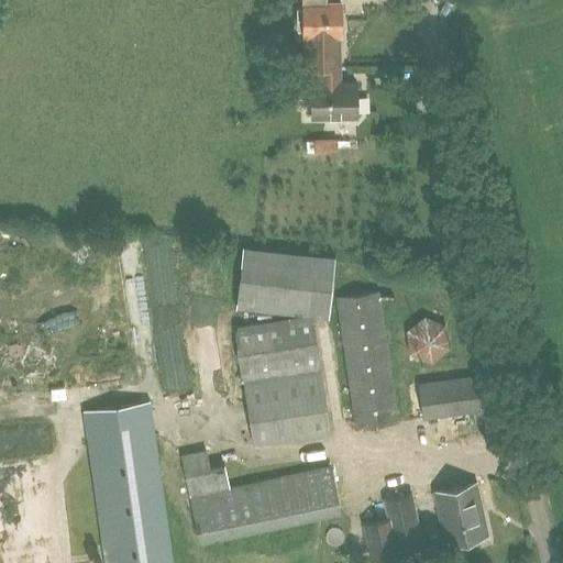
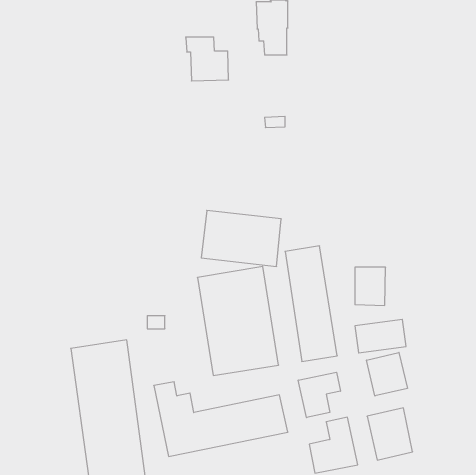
building: [306,66,356,118] -> [186,37,229,81]
building: none -> [367,352,407,396]
building: none -> [298,372,340,418]

